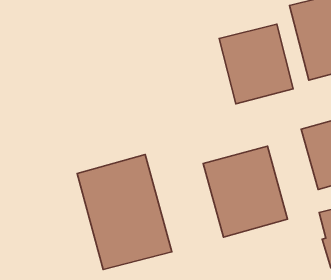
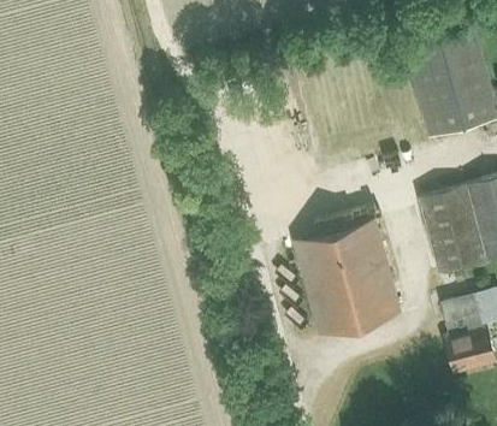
building: [219,24,293,104] -> none
building: [77,155,172,270] -> none

